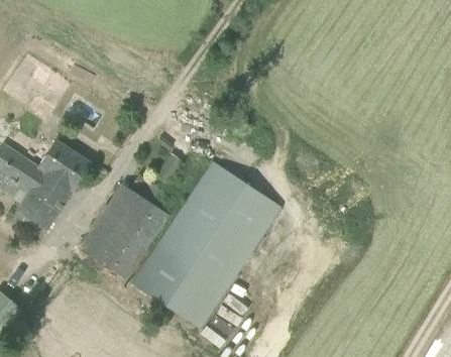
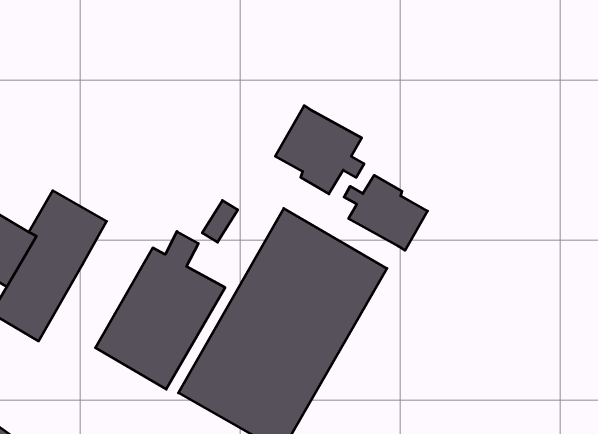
building: none -> [275,106,364,194]
building: none -> [344,175,428,250]

